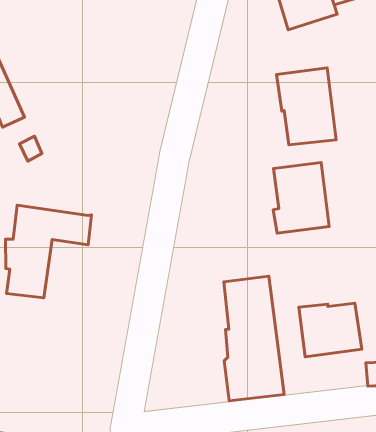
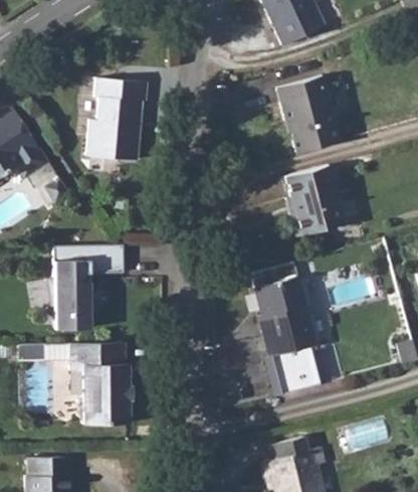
building: none -> [84,77,145,159]
building: [299,303,362,357] -> none
building: none -> [69,342,131,424]

